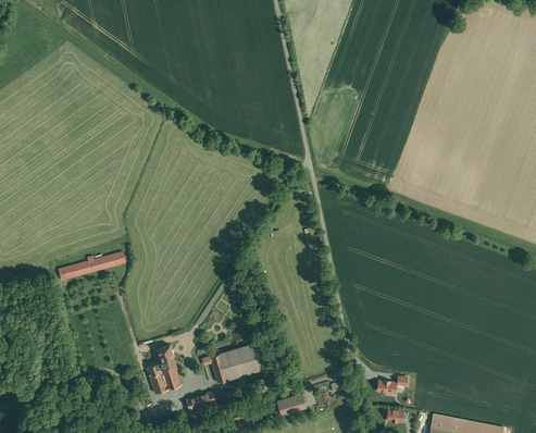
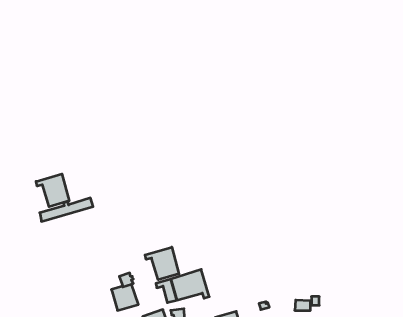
building: none -> [36,174,69,207]
building: none -> [145,247,179,280]

